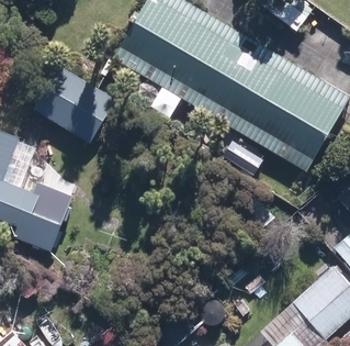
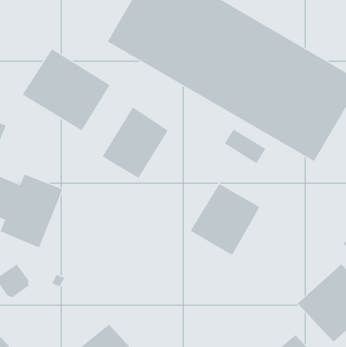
building: none -> [102,107,169,179]
building: none -> [190,183,260,256]

